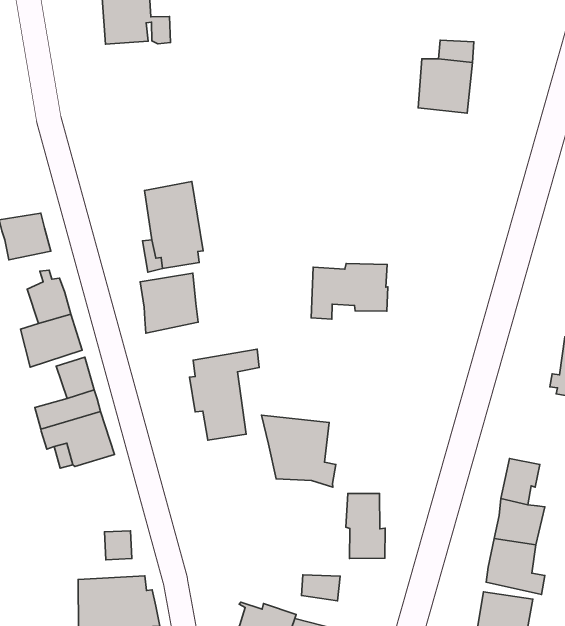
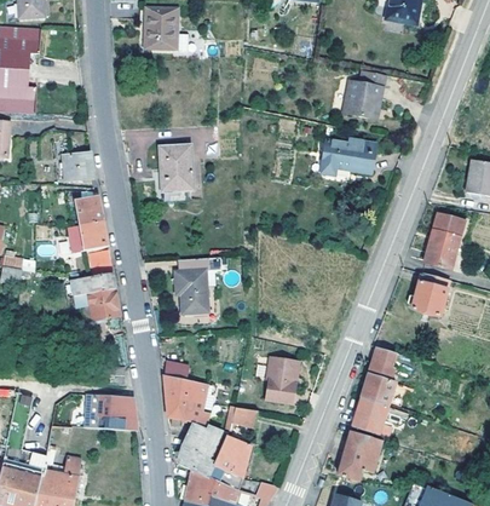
building: [311,264,388,319] -> [321,138,374,173]
building: [140,273,198,333] -> none
building: [261,415,336,487] -> [163,374,208,426]

